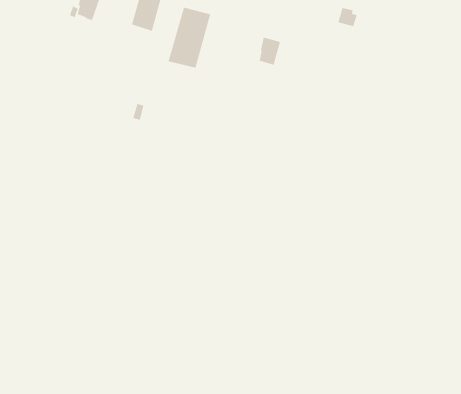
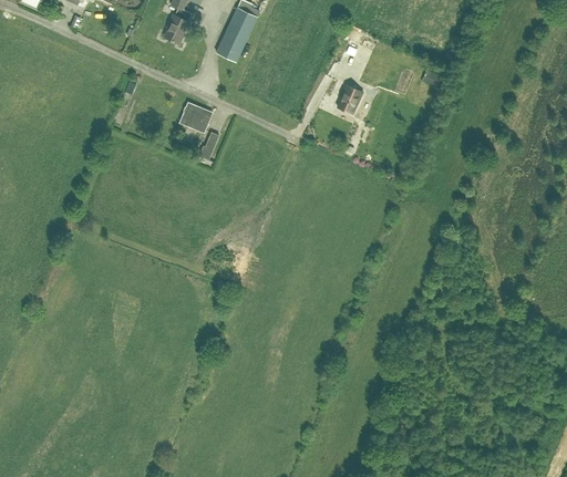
building: [168,6,211,68] -> none
building: none -> [179,103,212,132]

